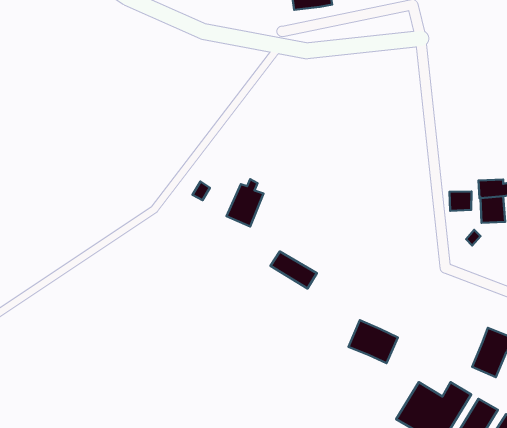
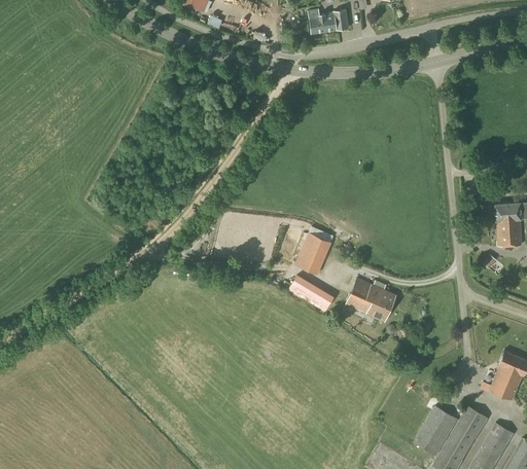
building: [227,179,264,226] -> [295,227,332,275]
building: [449,192,471,211] -> none
building: [349,320,398,363] -> [347,278,396,321]

